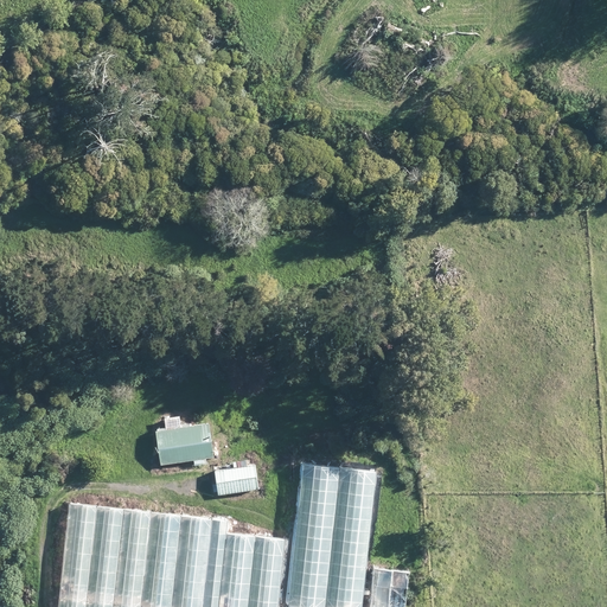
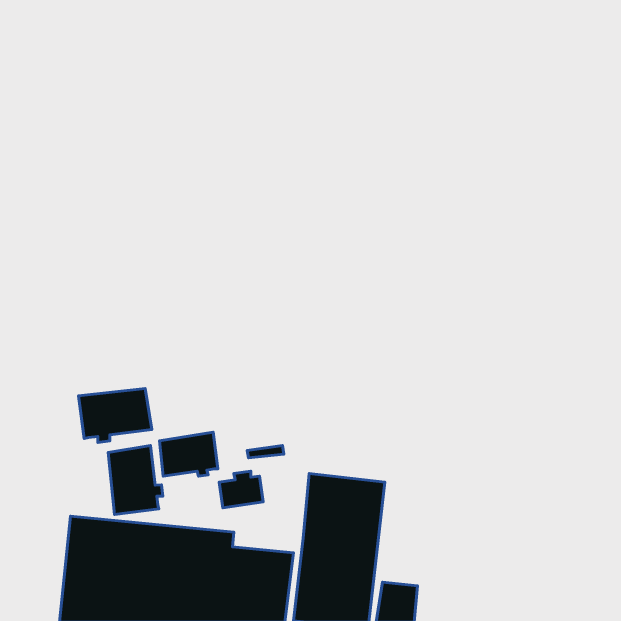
building: none -> [79,389,152,442]
building: none -> [108,446,163,515]

